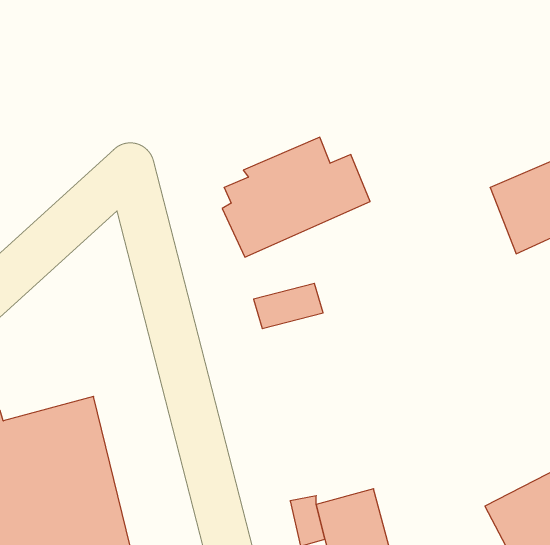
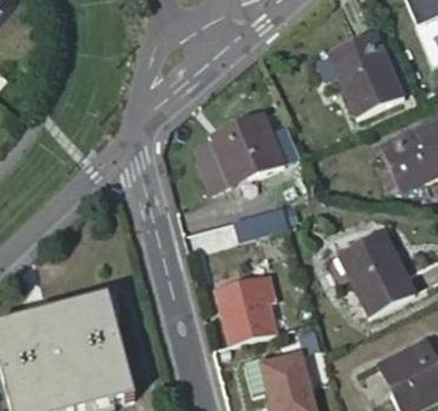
building: none -> [326,31,399,116]
building: none -> [337,229,413,315]
building: none -> [218,278,275,345]

